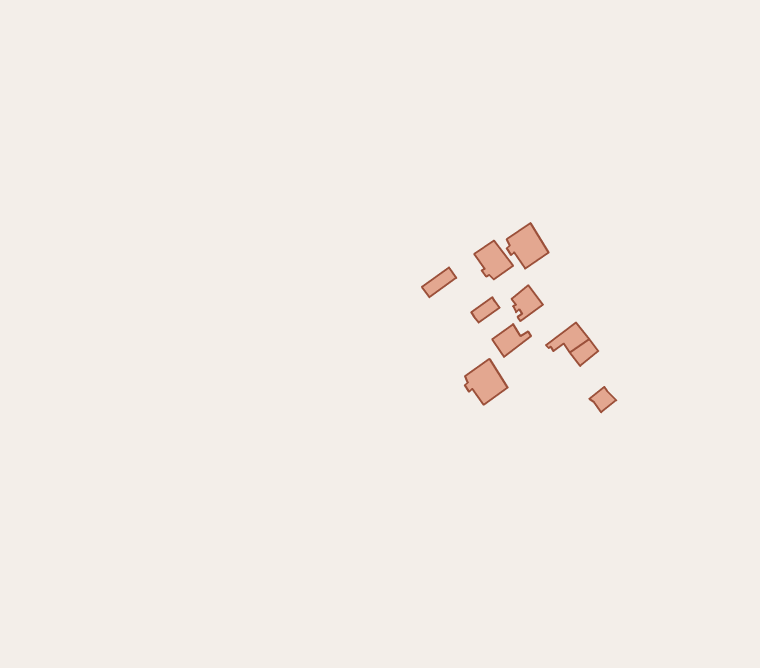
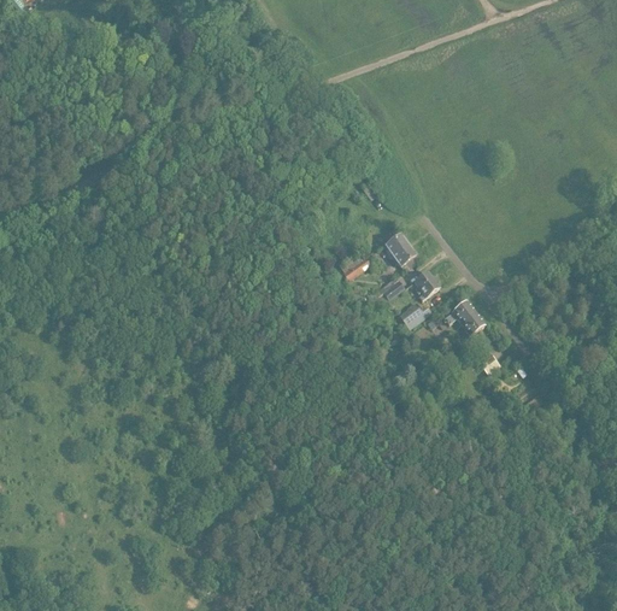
building: [507,223,549,269] -> none
building: [465,359,508,405] -> none

